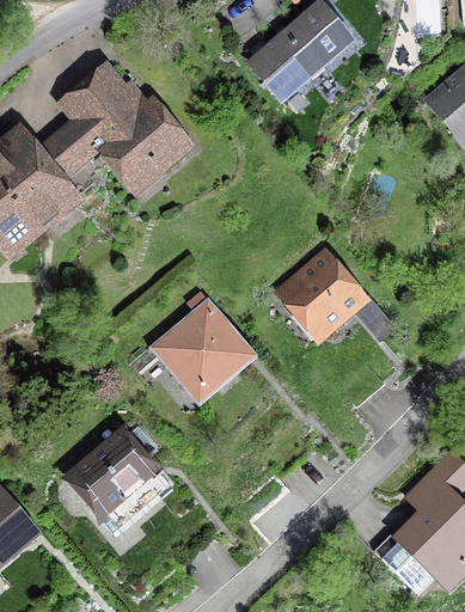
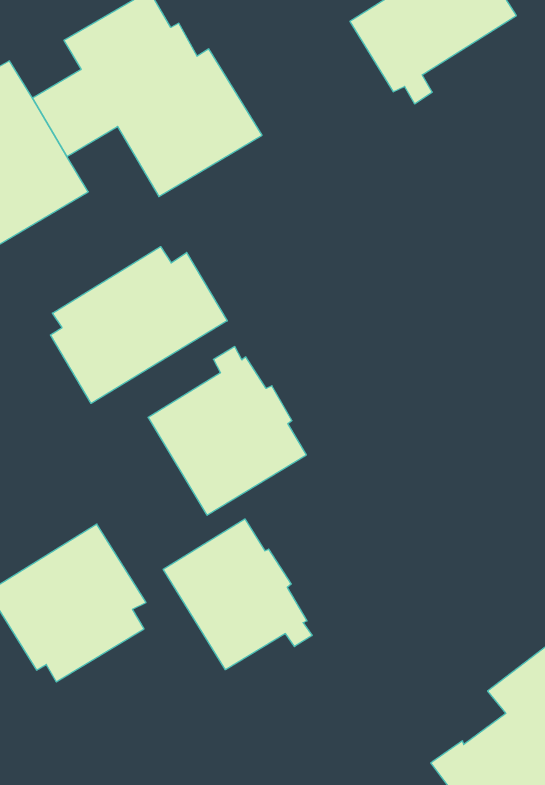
building: none -> [50,247,227,403]
building: [271,245,397,345] -> none
building: none -> [163,519,312,670]

